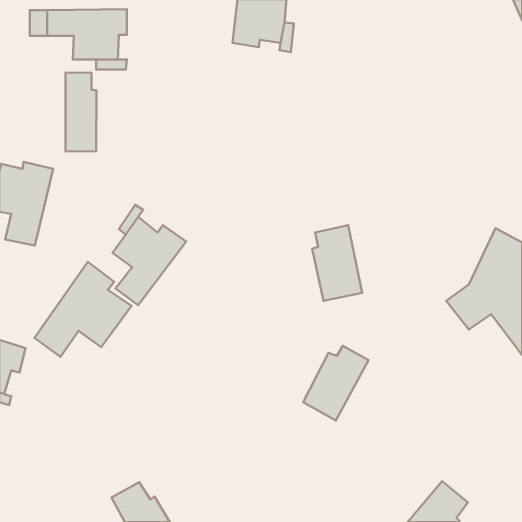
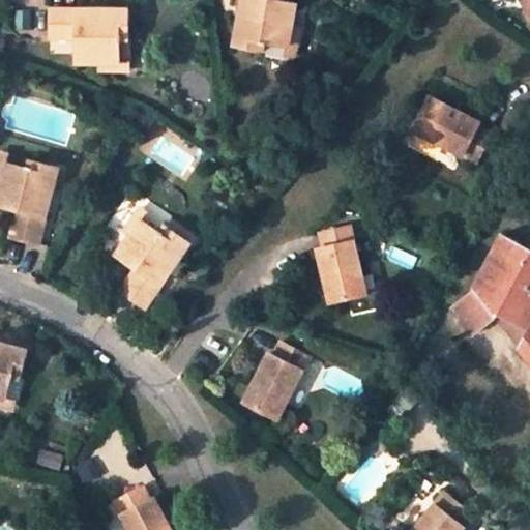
building: [65,73,96,151] -> none
building: none -> [410,96,489,166]
building: [35,262,132,357] -> none
building: [303,346,369,420] -> [241,345,307,420]

